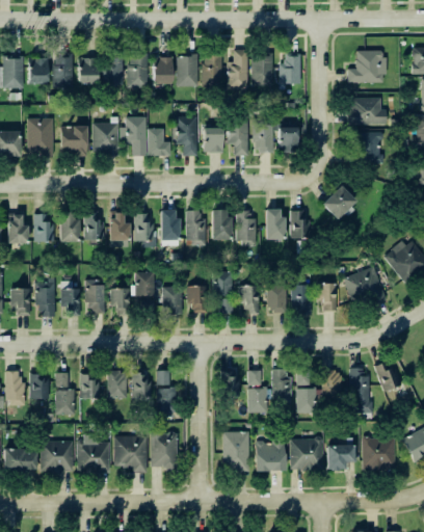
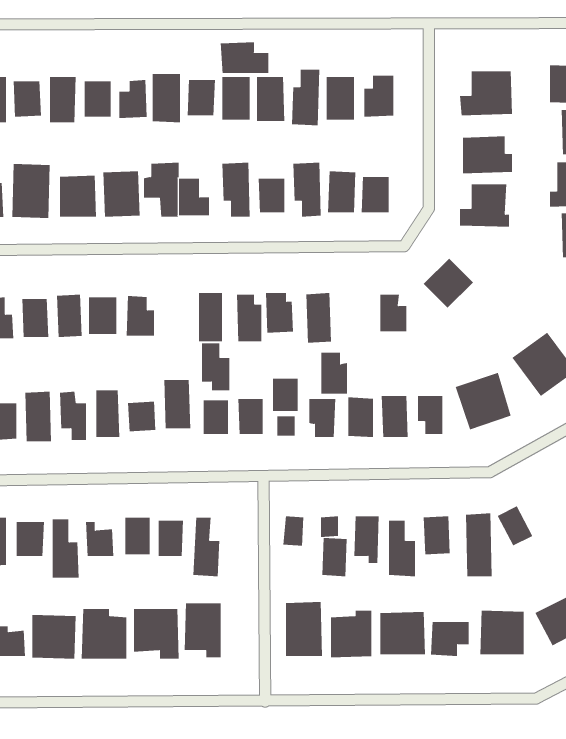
building: none -> [220,42,269,74]
building: [262,209,282,239] -> [320,352,348,394]
building: [134,213,155,247] -> [201,343,230,391]

